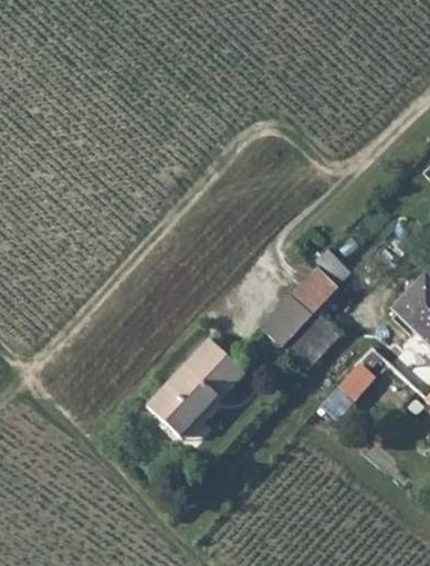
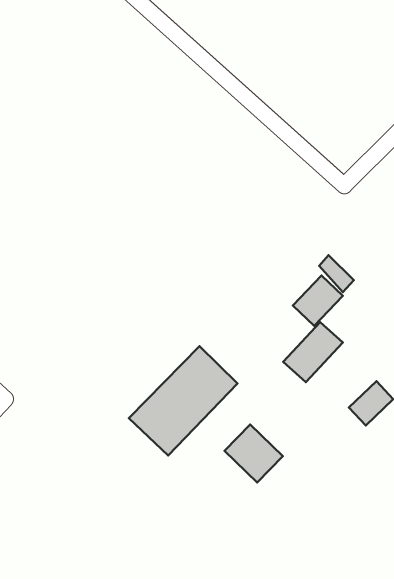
building: [262,298,313,348] -> none
building: none -> [224,425,283,483]

